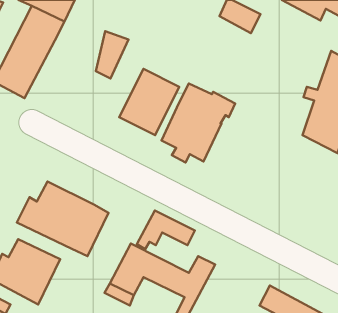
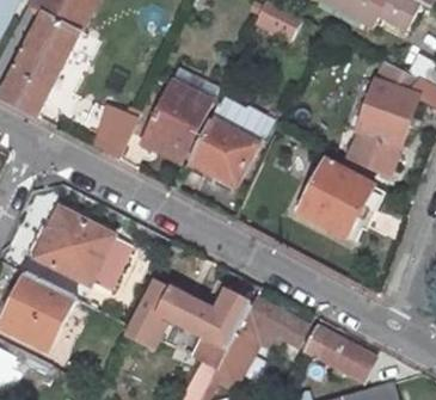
building: [96,31,128,79] -> [102,105,139,159]
building: none -> [301,164,374,238]
building: [137,210,195,249] -> [237,303,302,347]

